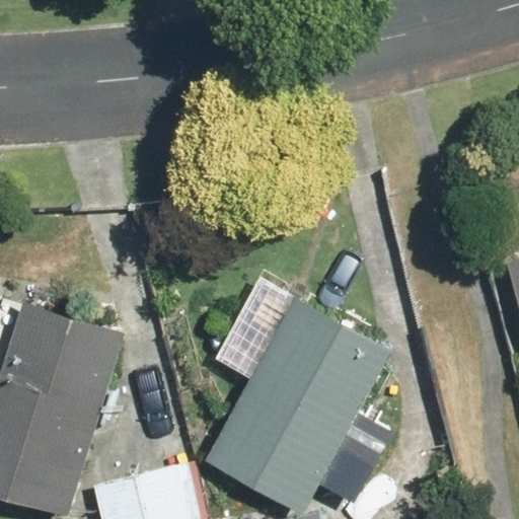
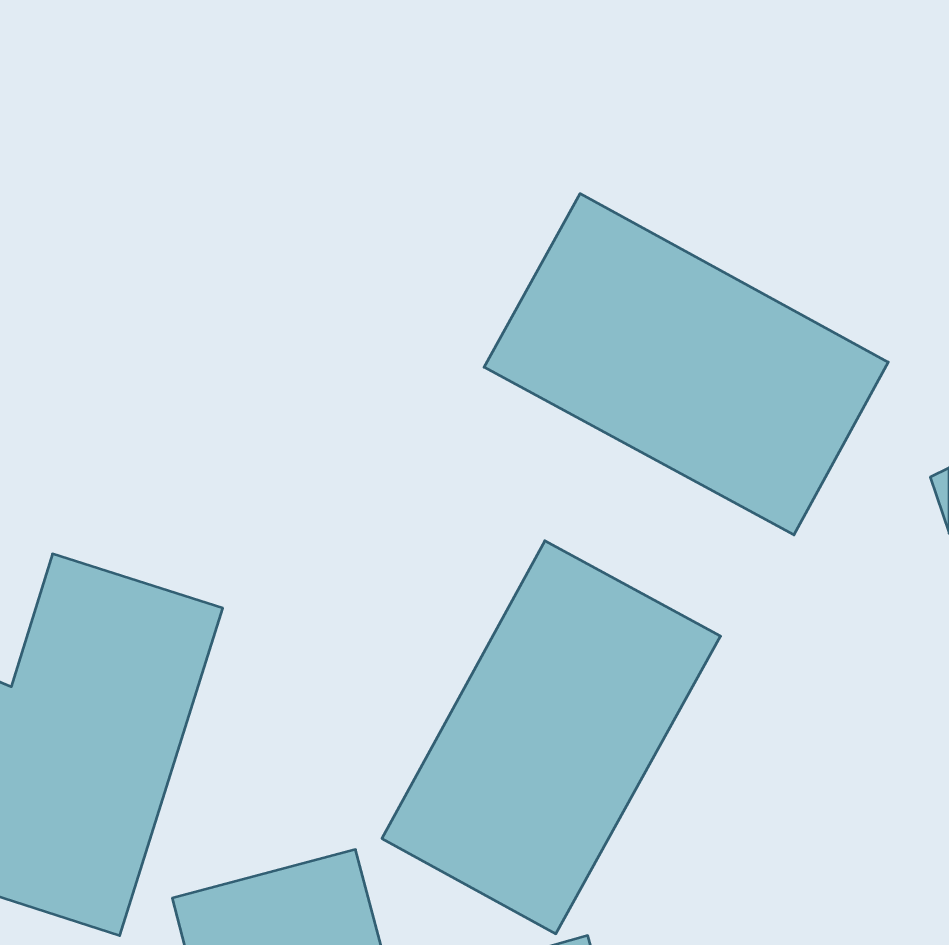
building: none -> [484,194,888,535]

